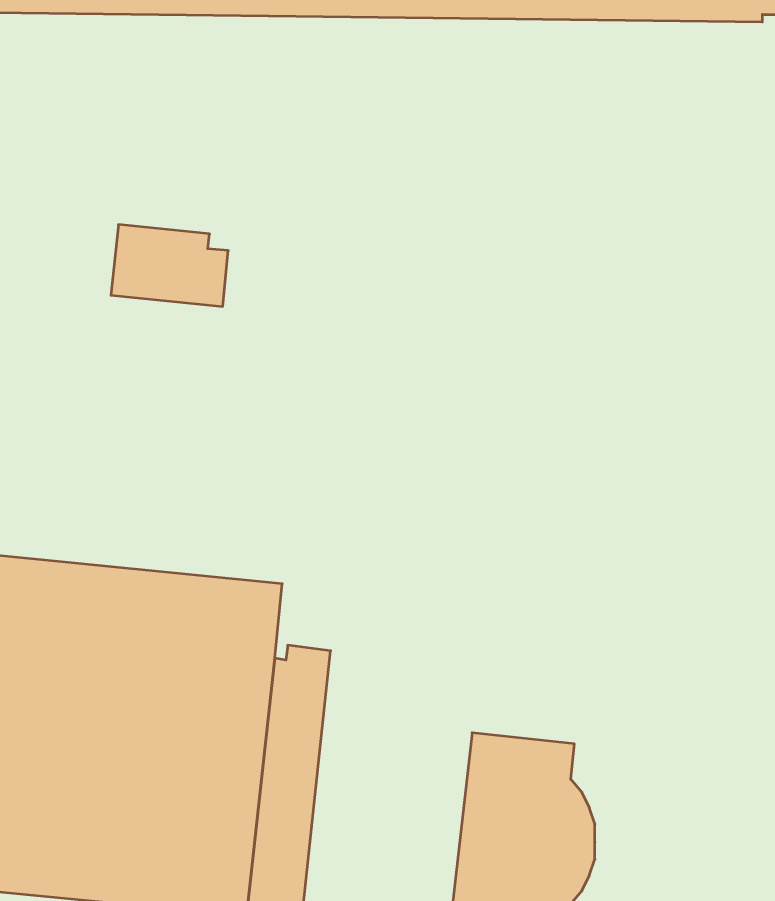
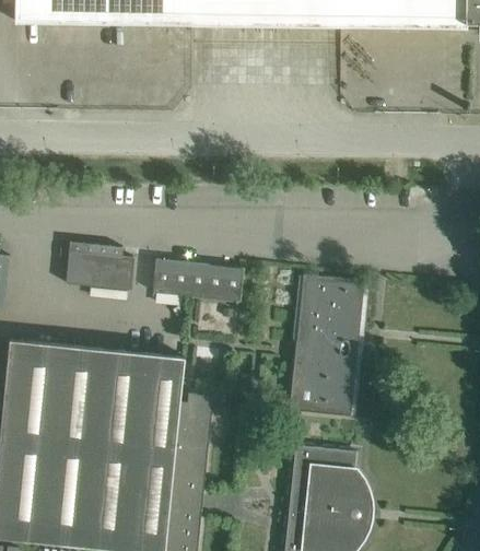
building: [111,225,228,306] -> [66,242,134,290]
building: none -> [152,259,243,301]
building: none -> [290,274,365,417]

